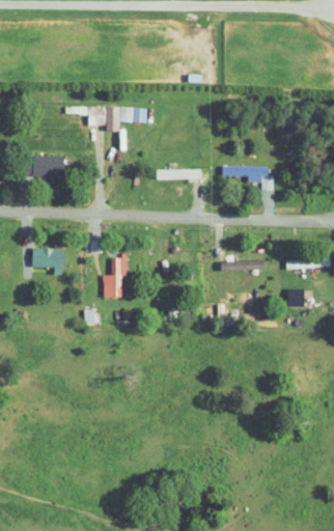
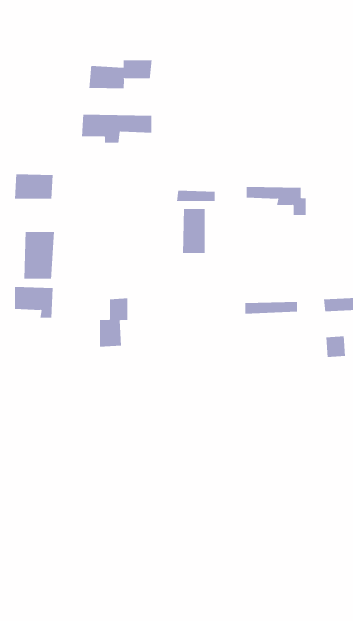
building: none -> [89,59,152,89]
building: none -> [182,208,205,254]
building: none -> [24,231,54,279]

